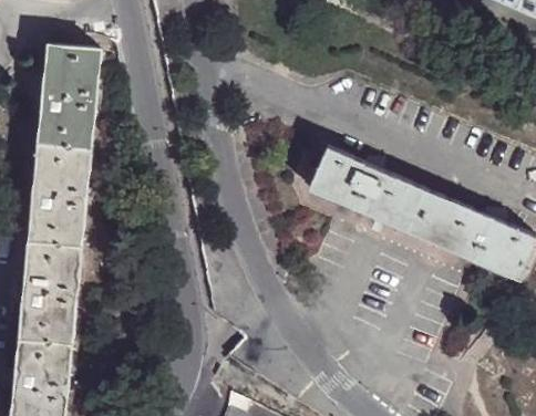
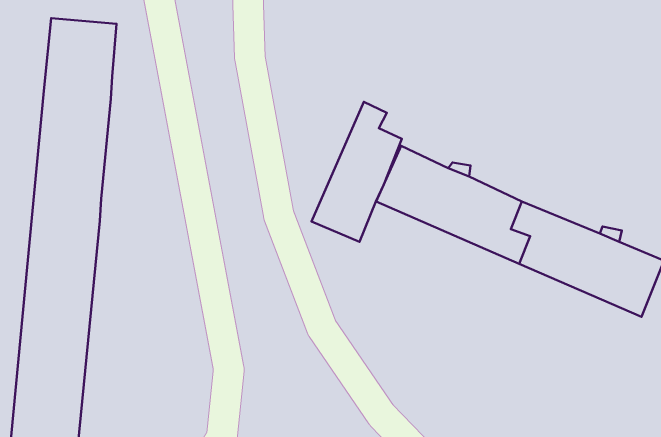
building: none -> [311,102,402,242]

